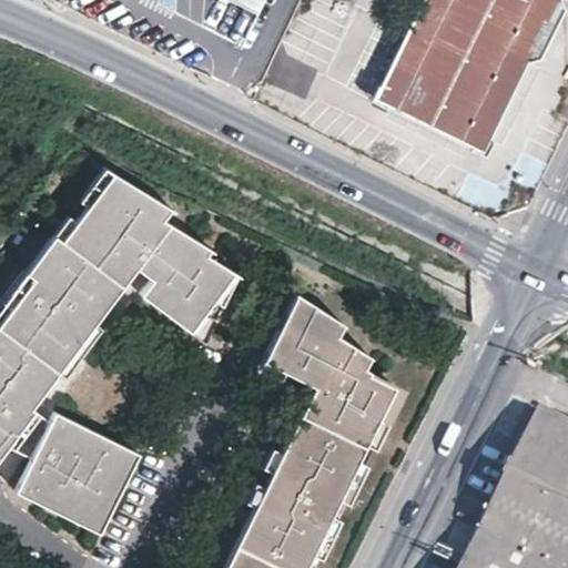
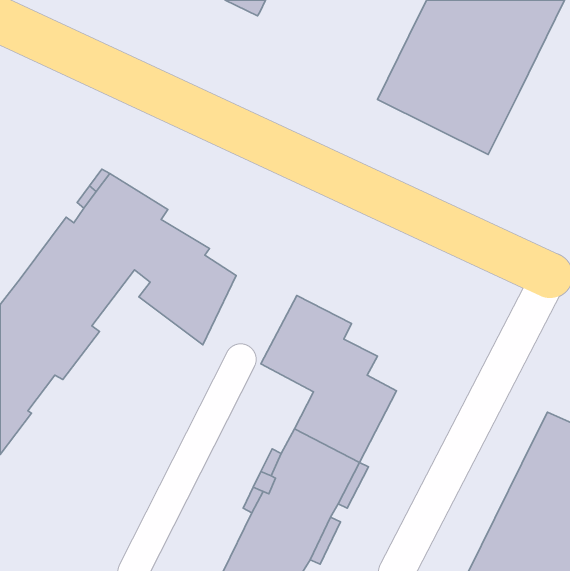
building: [14,413,138,535] -> none

